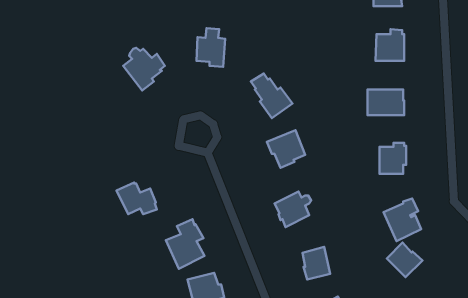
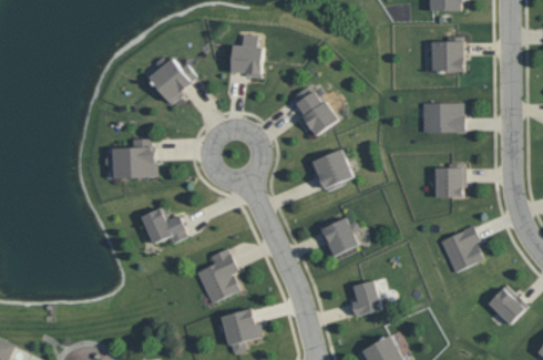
building: none -> [104,138,156,178]
building: [387,243,422,277] -> [488,285,527,323]

